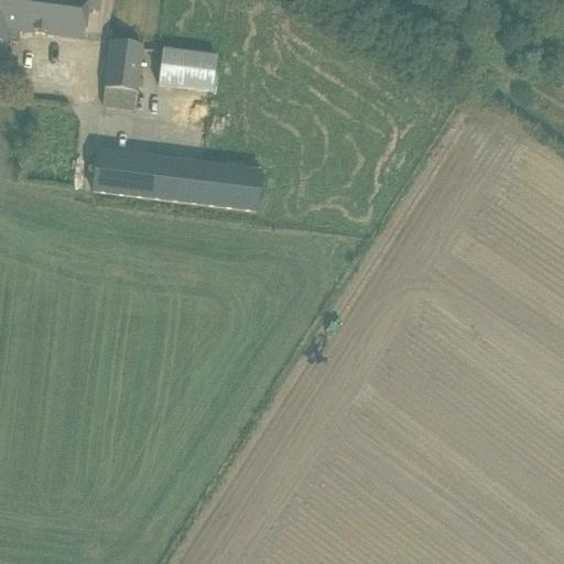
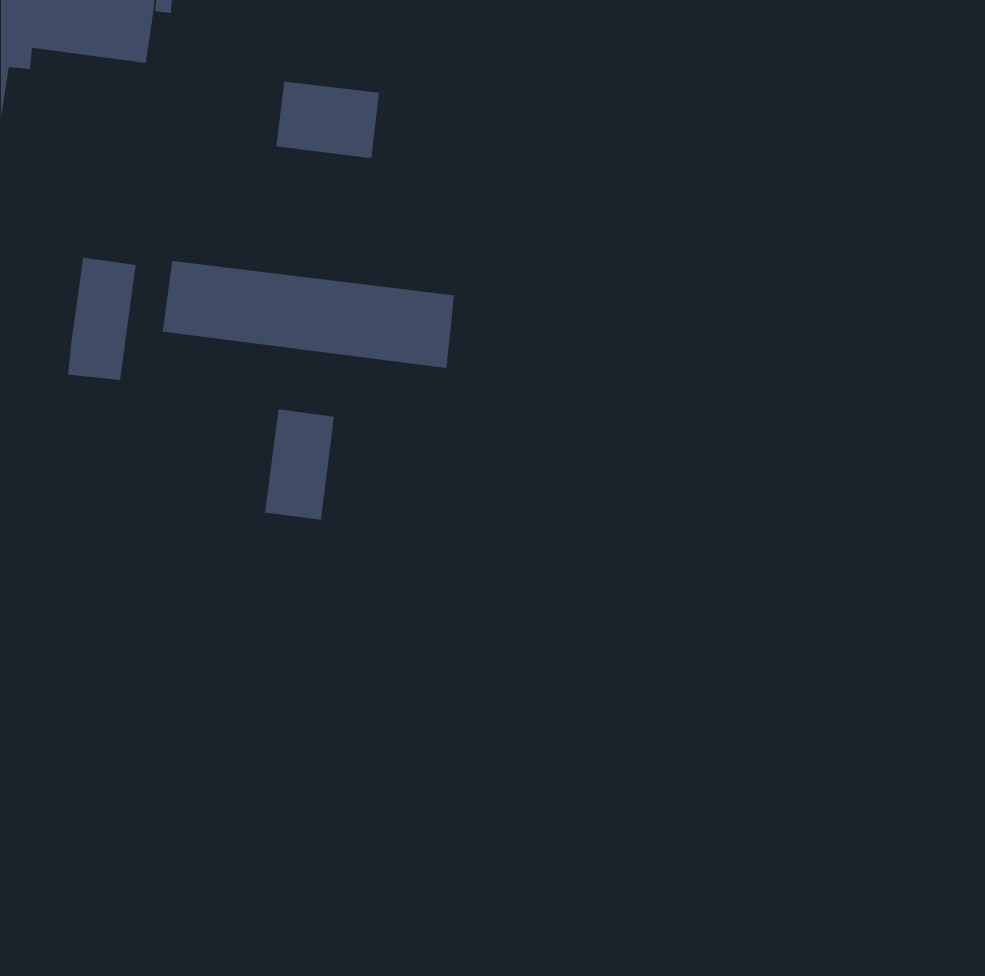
building: [104,39,143,109] -> [67,257,136,380]
building: none -> [265,409,334,520]

